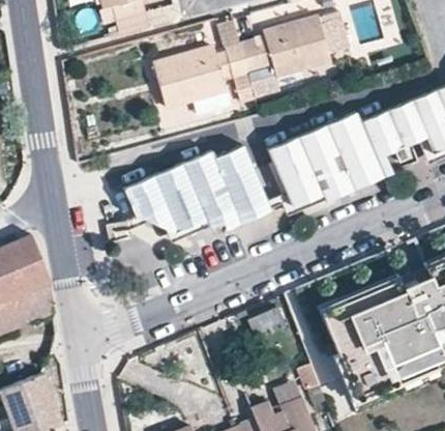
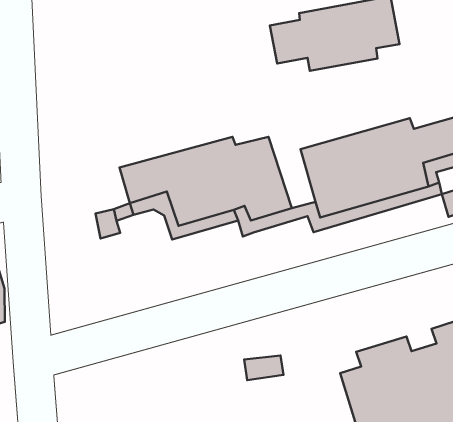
building: [155,48,258,112] -> none

